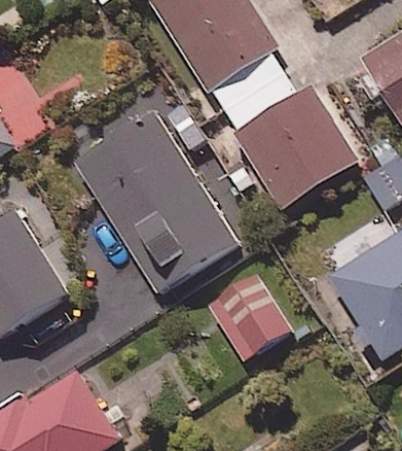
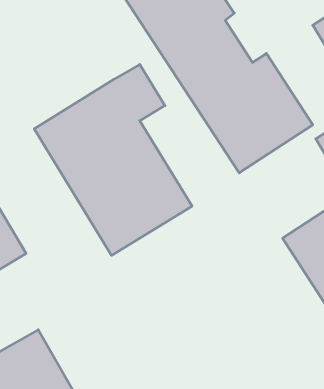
building: [209,275,293,363] -> none

